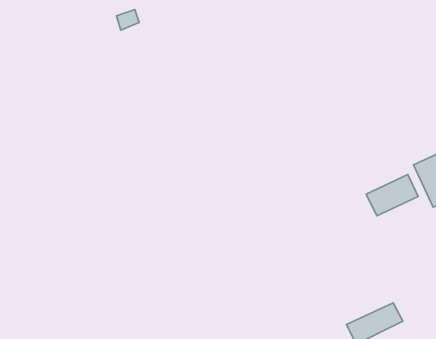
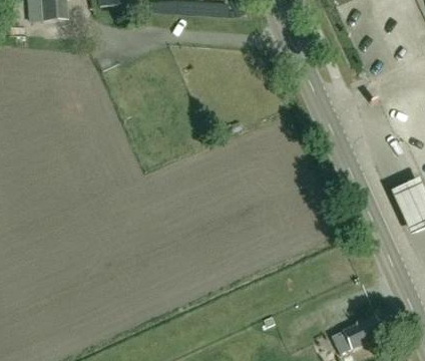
building: [366,174,418,216] -> none

